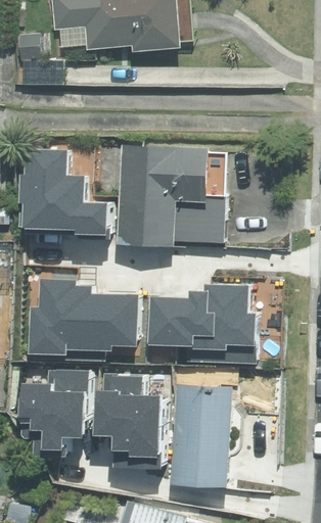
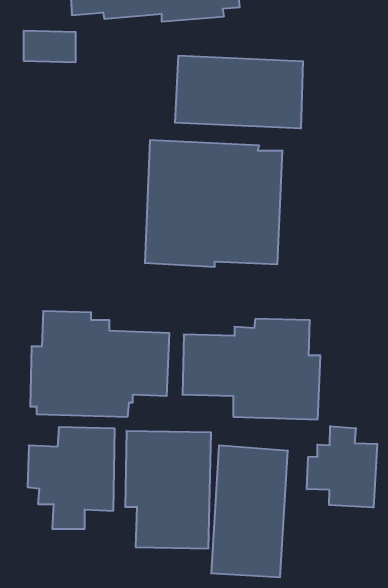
building: none -> [175,56,303,129]
building: [19,148,114,235] -> none
building: none -> [307,426,377,508]

